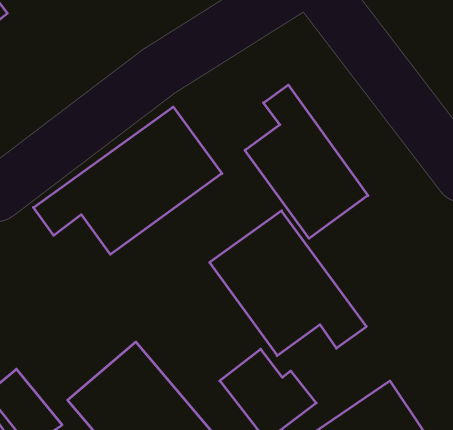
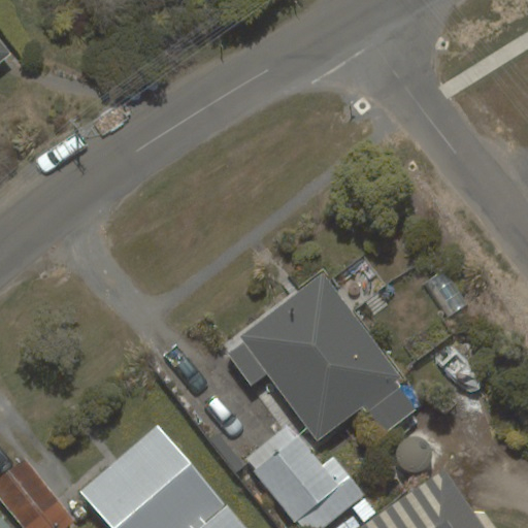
building: [245,85,368,238] -> none
building: [33,107,222,254] -> none

